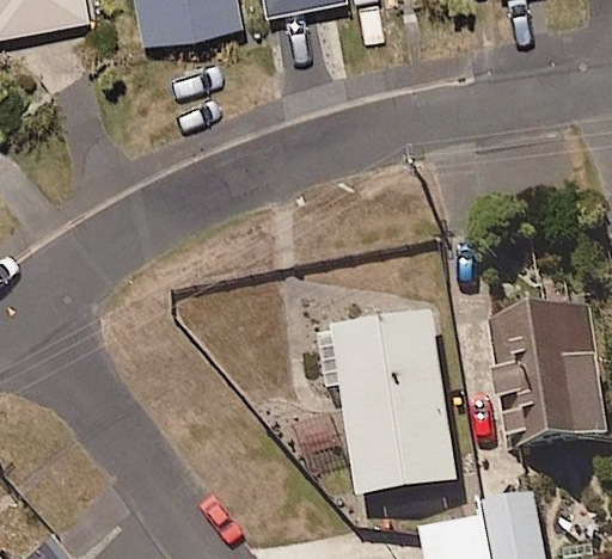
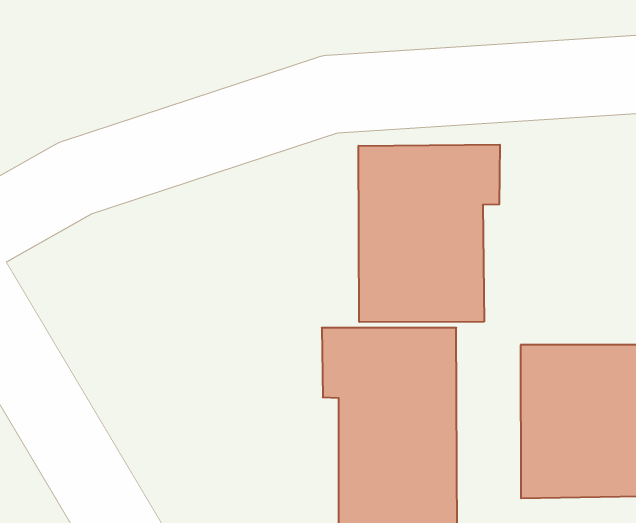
building: none -> [359,145,500,322]

